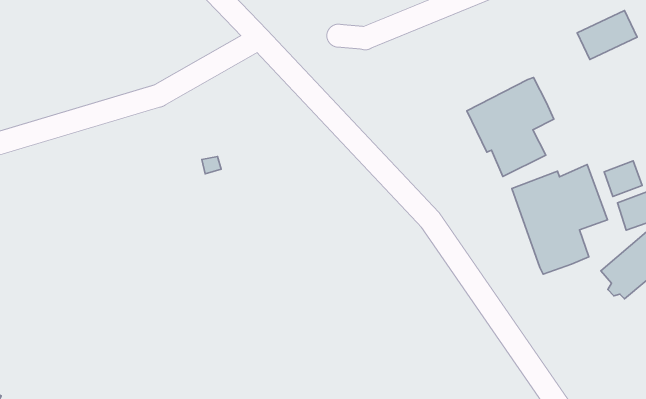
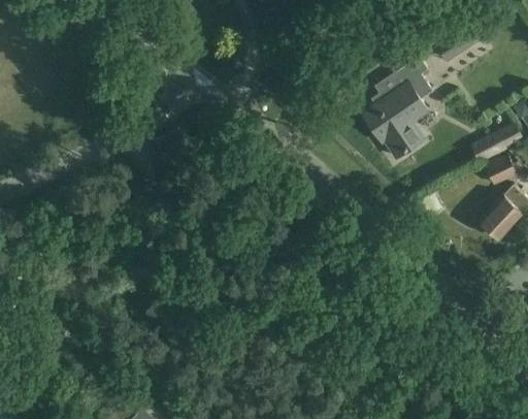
building: none -> [396,55,432,98]
building: [512,164,608,274] -> none

